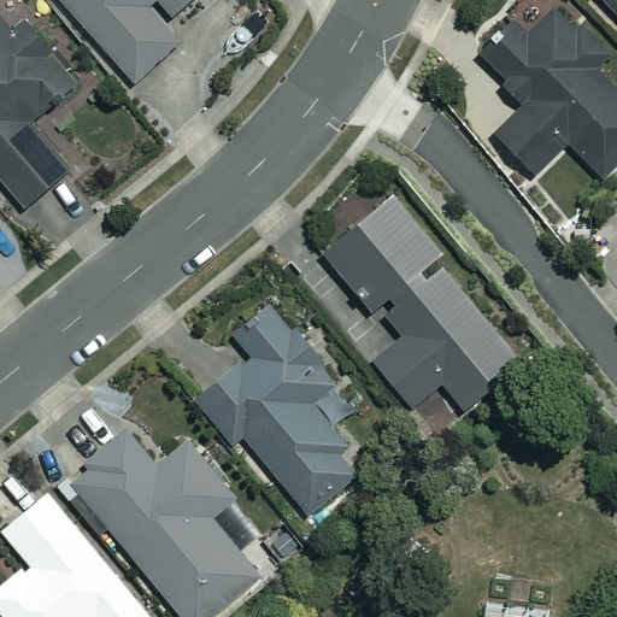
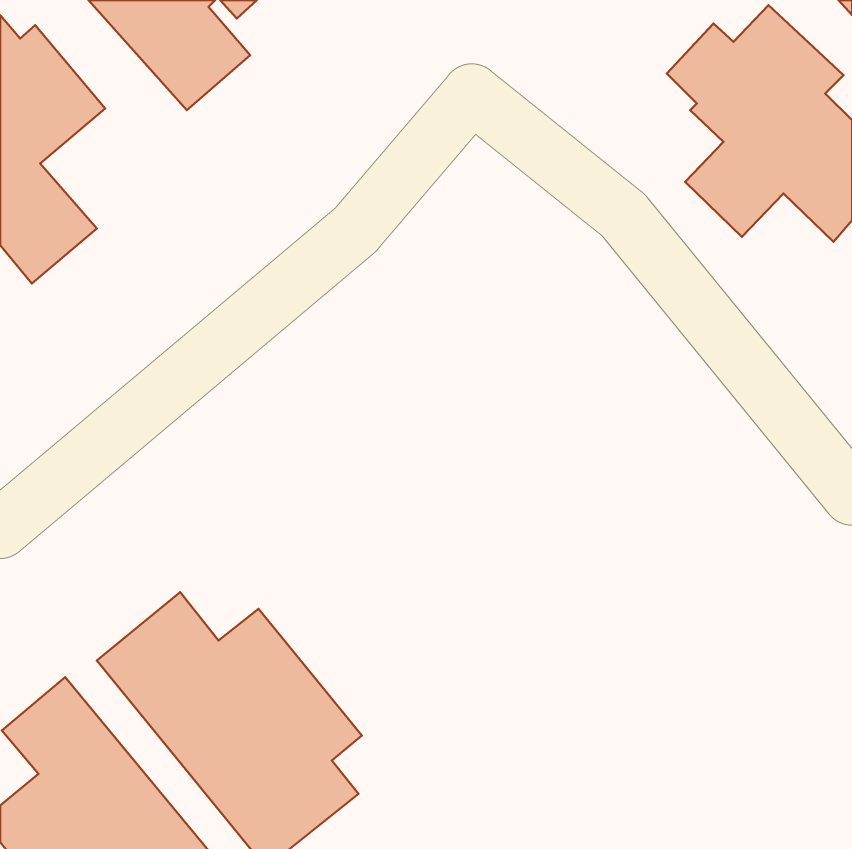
building: [319,193,519,409] -> none
building: [196,302,363,515] -> none

